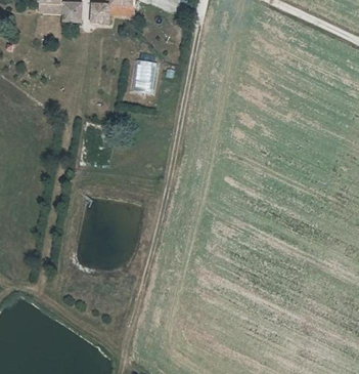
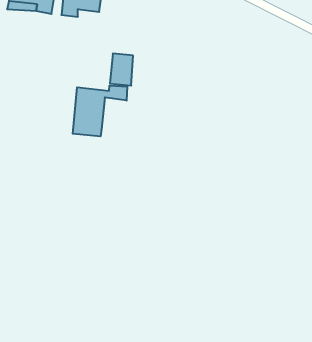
building: none -> [73,86,127,136]

